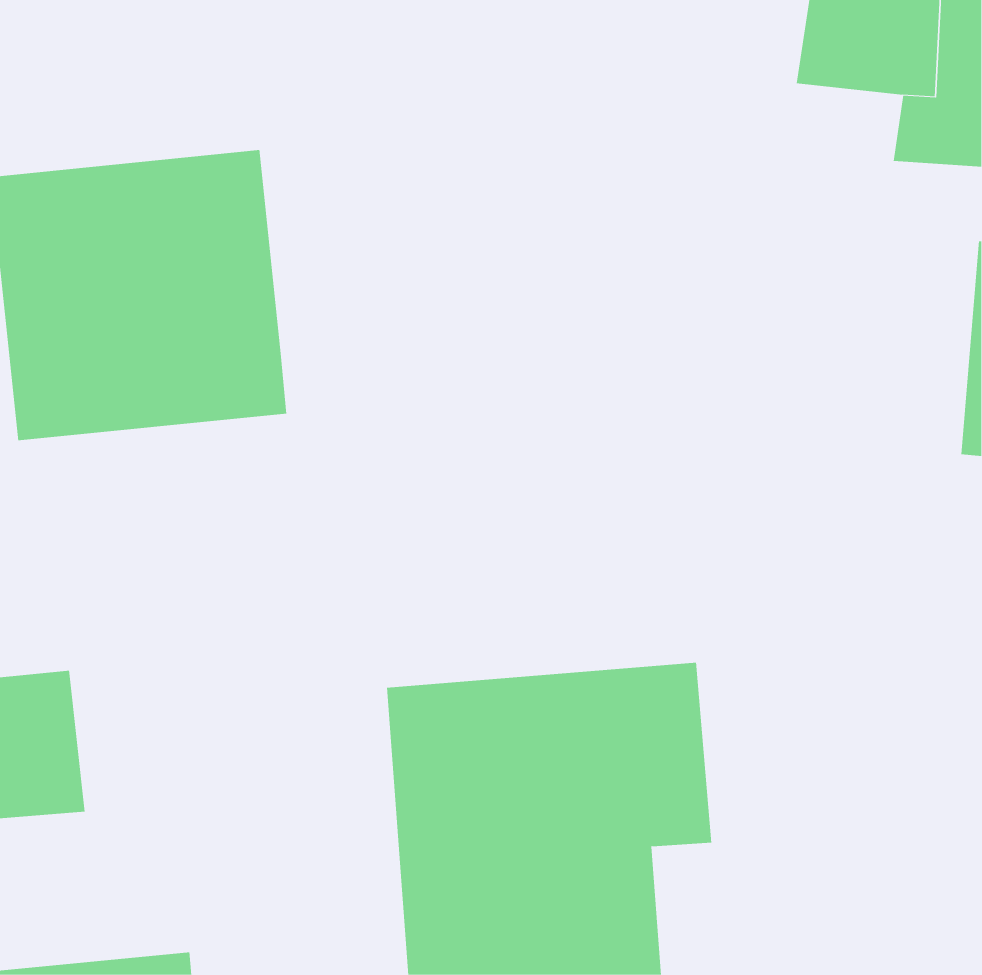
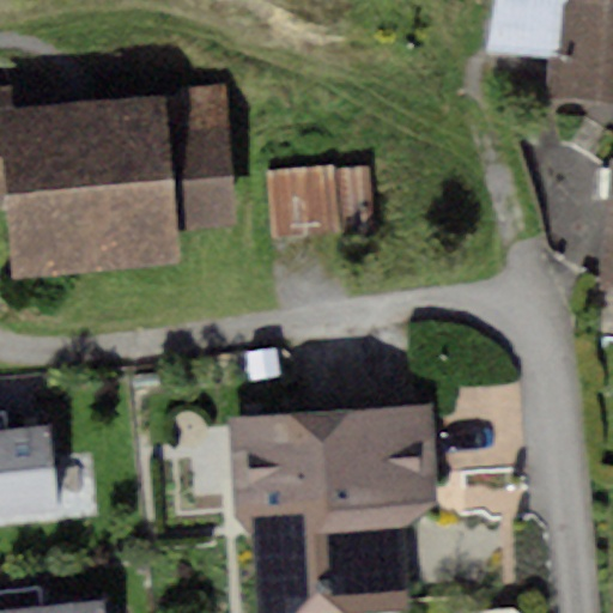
building: none -> [160,86,233,218]
building: none -> [271,166,377,238]

